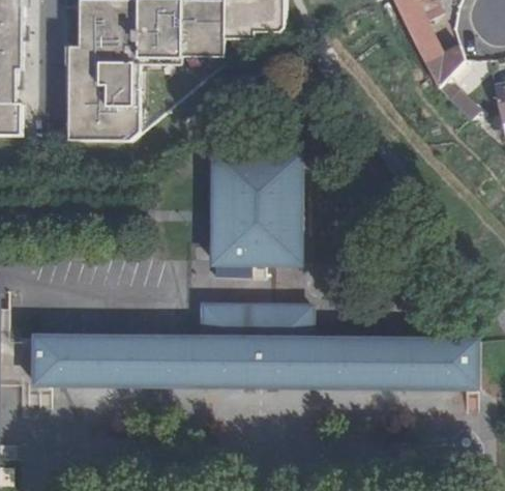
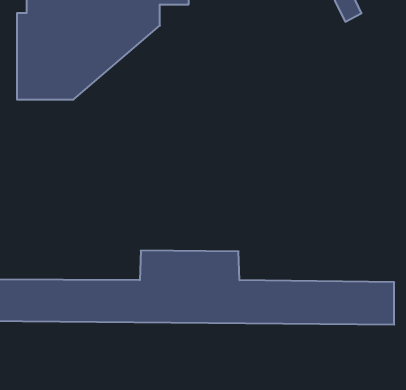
building: [422,40,473,117] -> none
building: [214,156,297,261] -> none

